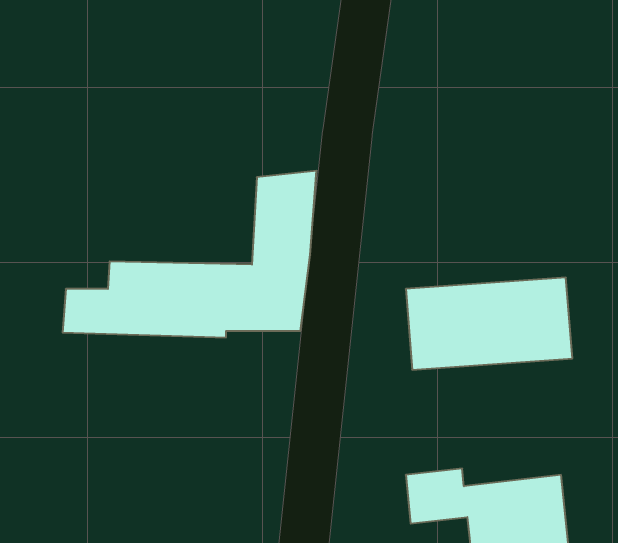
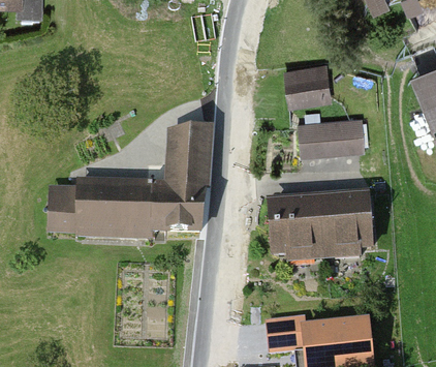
building: none -> [282,64,333,108]
building: none -> [299,119,364,156]

